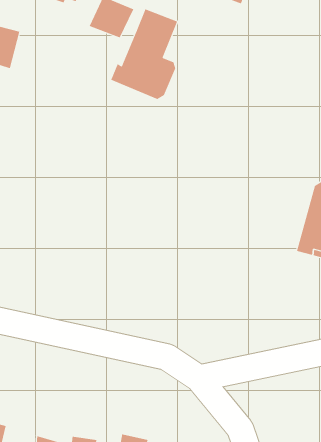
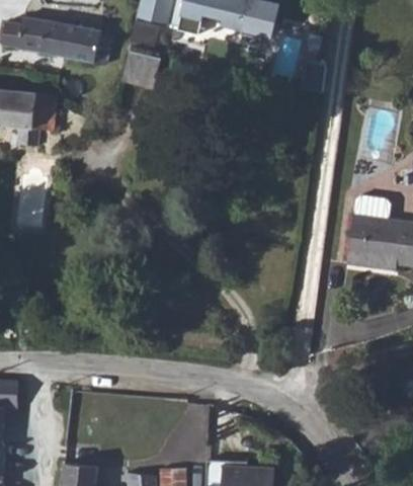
building: [110,8,178,100] -> none

